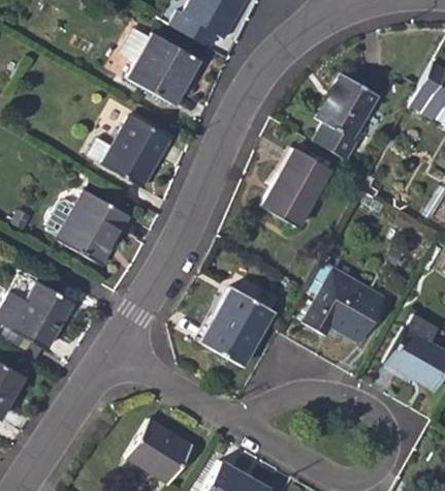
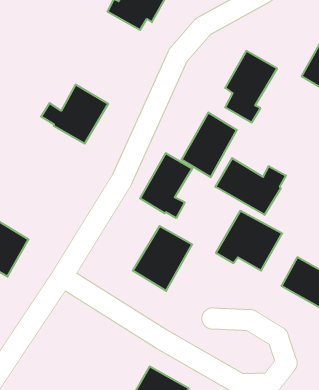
building: [123,29,200,105] -> none
building: [57,190,129,266] -> none
building: none -> [140,153,192,218]
building: none -> [215,158,286,215]
building: [127,420,193,484] -> none

